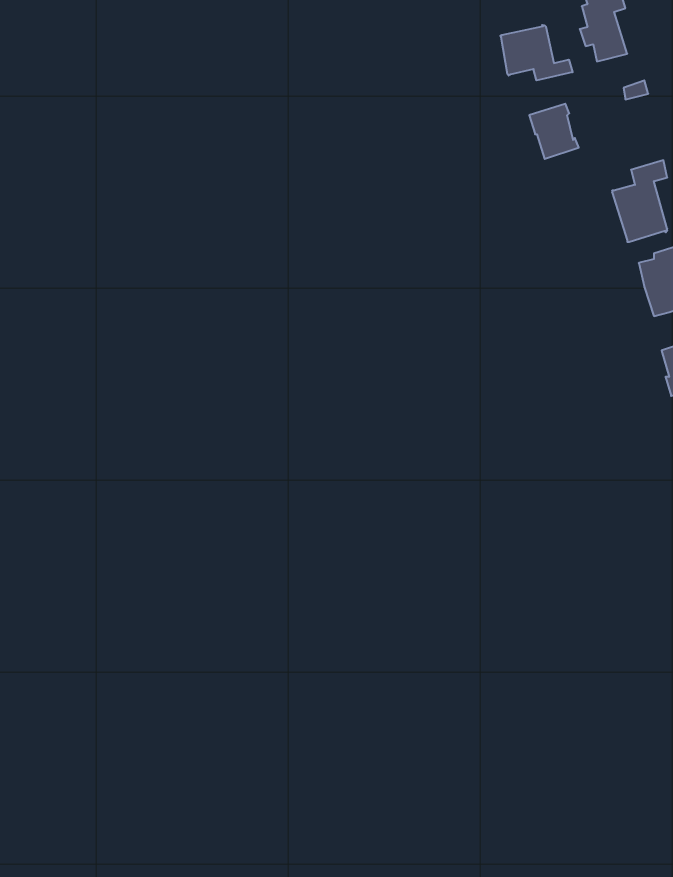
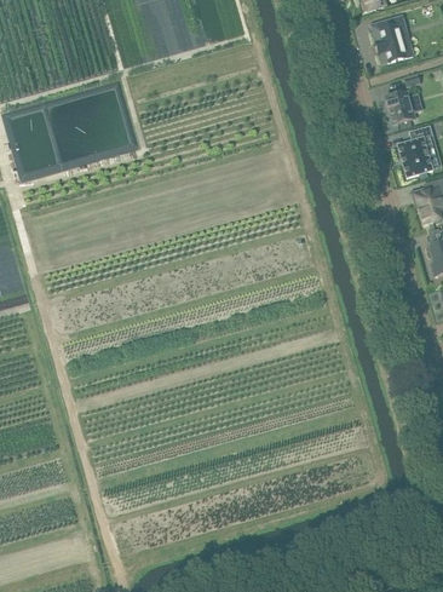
building: [500,25,573,80] -> none
building: [529,104,579,159] -> [384,88,415,123]

